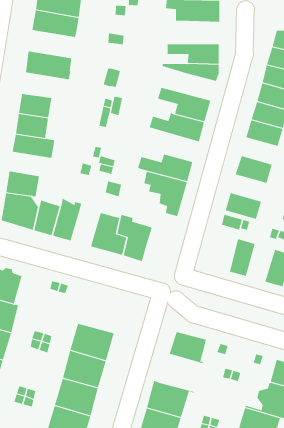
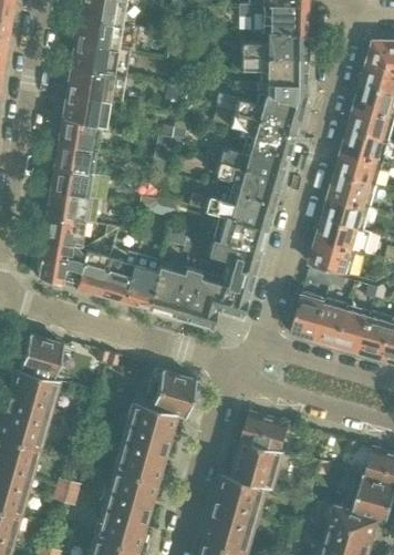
building: none -> [240,31,305,59]
building: none -> [70,42,128,76]
building: none -> [62,94,121,126]
building: none -> [232,95,301,129]
building: none -> [215,162,280,204]
building: none -> [331,174,376,207]
building: none -> [46,192,97,223]
building: none -> [318,219,363,253]
building: none -> [207,238,253,317]
building: none -> [123,255,159,308]
building: none -> [291,292,326,339]
building: none -> [338,305,372,351]
building: none -> [131,368,195,417]
building: none -> [232,440,284,486]

